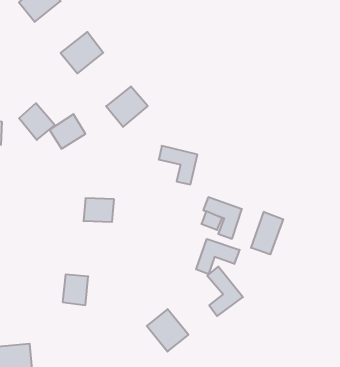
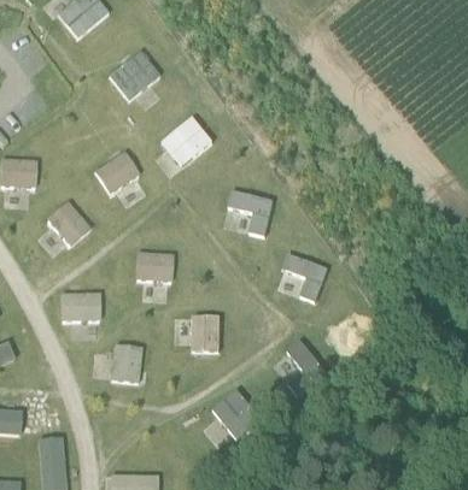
building: [19,103,55,140] -> [47,202,90,247]
building: [251,212,283,254] -> none
building: none -> [60,293,99,321]
building: [196,239,240,274] -> none
building: none -> [192,315,220,350]

